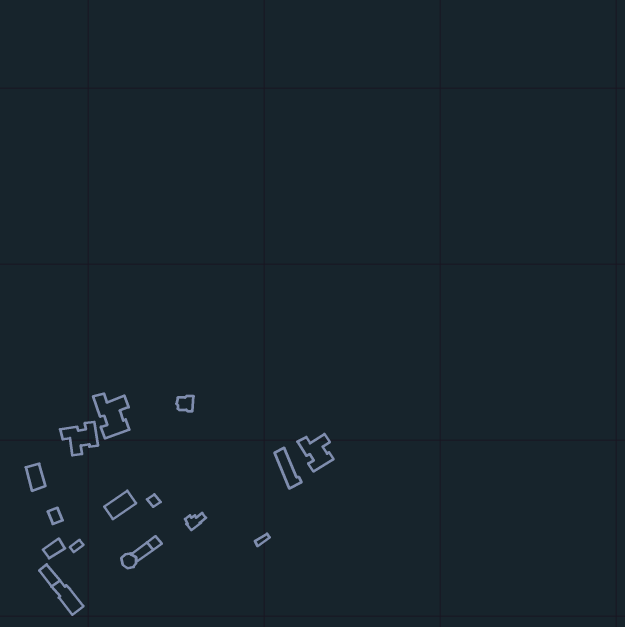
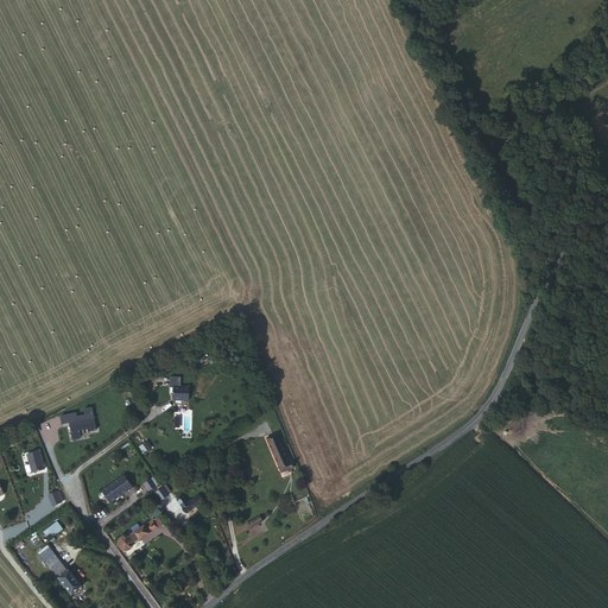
building: [93,394,129,438] -> none
building: [297,434,333,471] -> none

